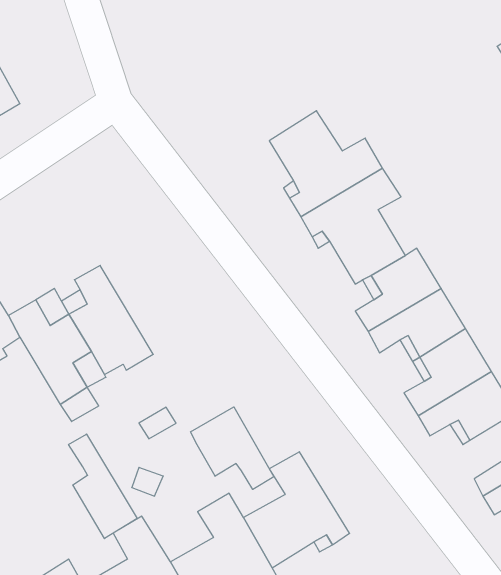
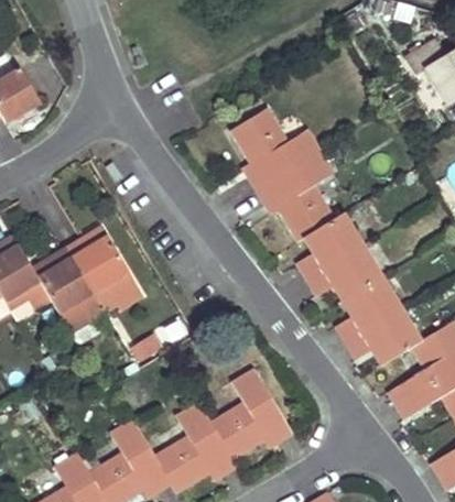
building: [191,407,274,489] -> none
building: [69,434,137,539] -> none

